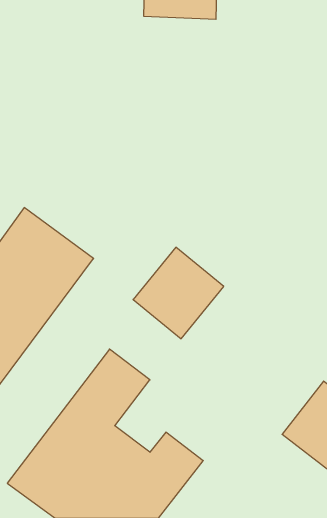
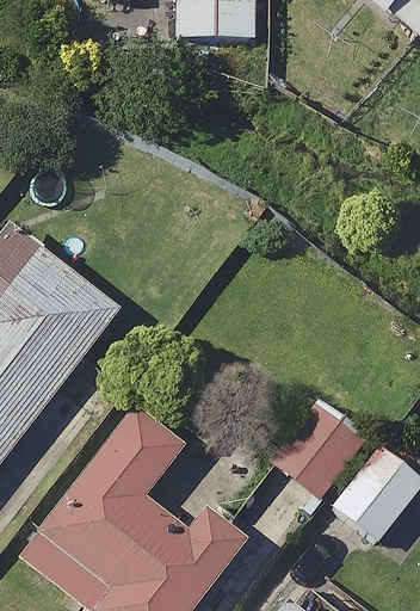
building: [133,247,224,339] -> [260,393,362,495]

